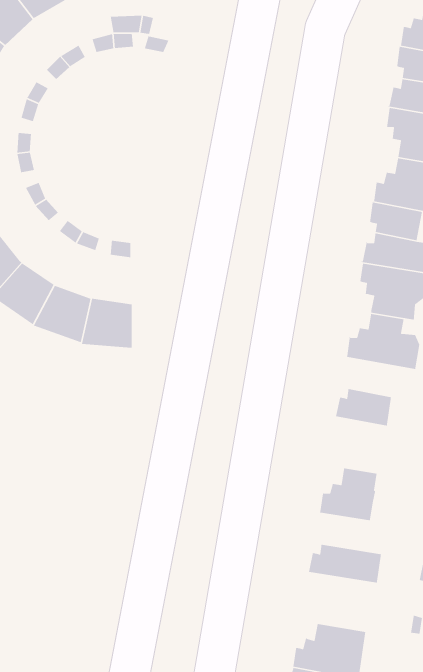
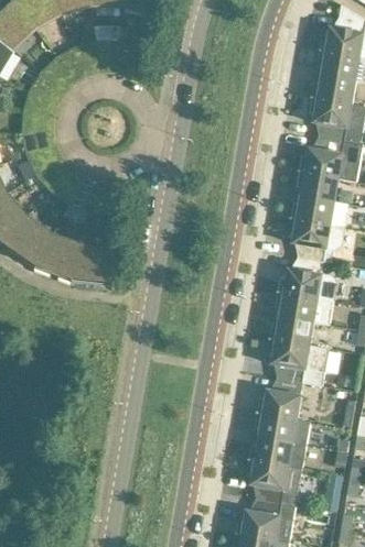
building: none -> [275,291,332,324]
building: none -> [267,337,326,384]
building: none -> [254,412,310,444]
building: none -> [246,458,300,504]

